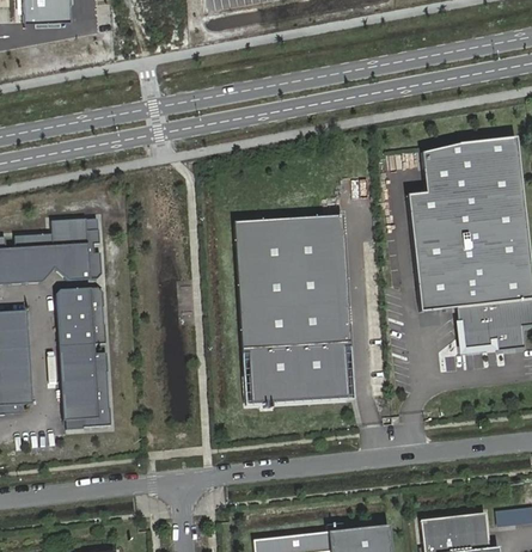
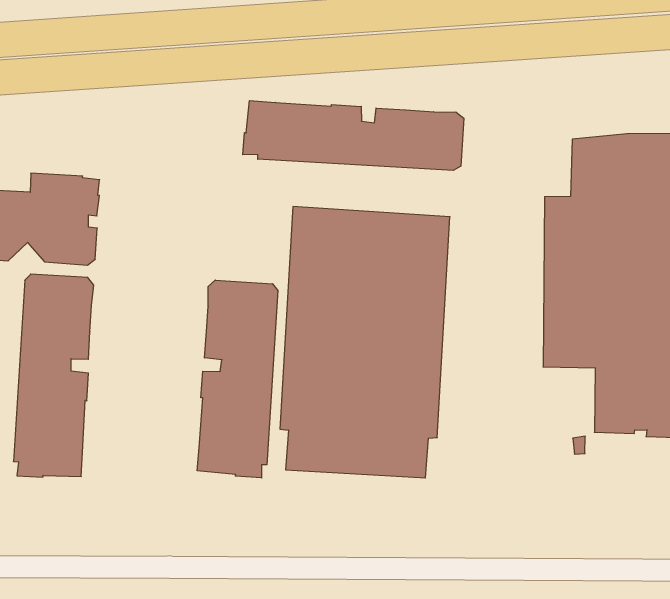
building: none -> [243,101,464,170]
building: none -> [197,280,278,478]

